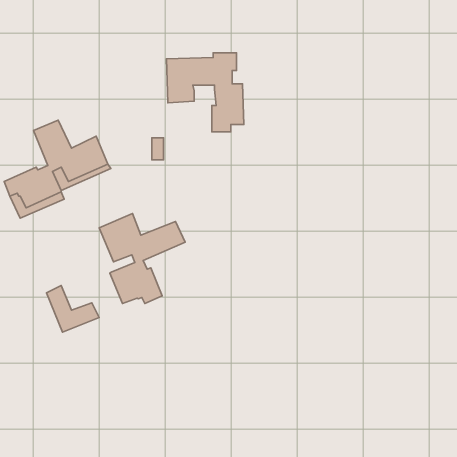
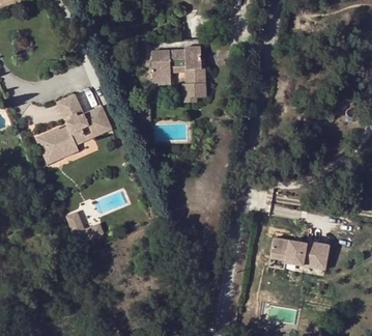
building: [99,213,185,304] -> none
building: none -> [269,236,330,264]

